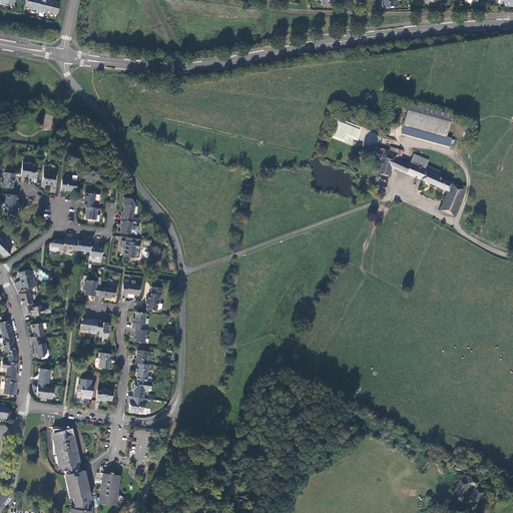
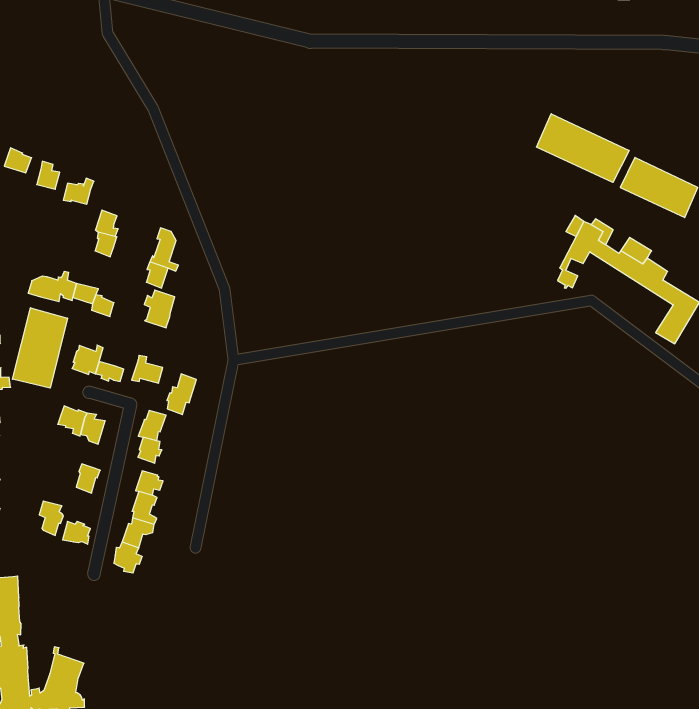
building: none -> [537,114,629,182]
building: none -> [12,308,67,388]

